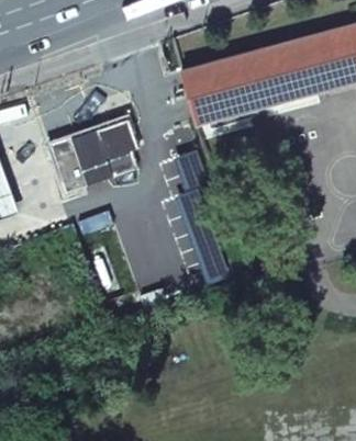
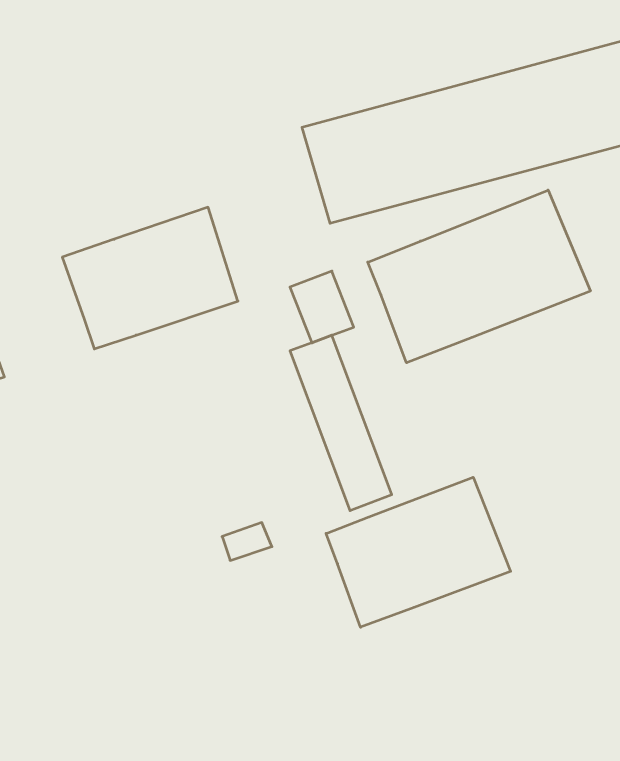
building: none -> [368,190,590,363]
building: none -> [326,477,511,627]

